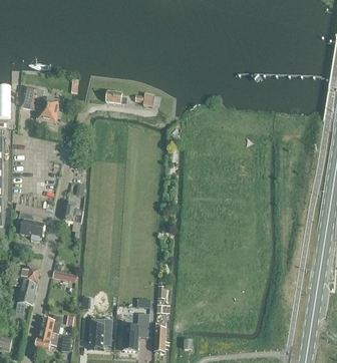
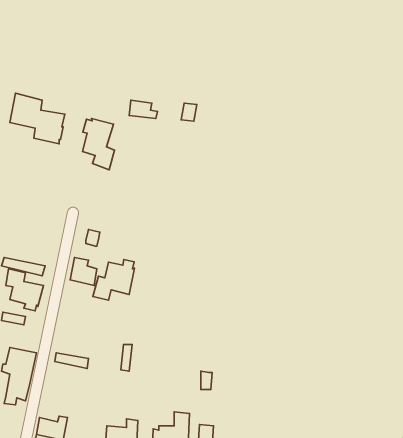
building: none -> [82,118,115,170]
building: none -> [93,260,134,300]

